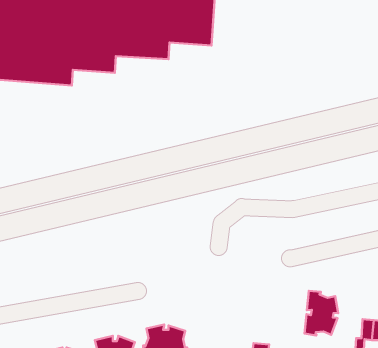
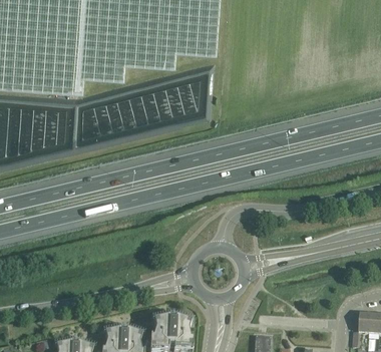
building: [305,291,338,335] -> none

